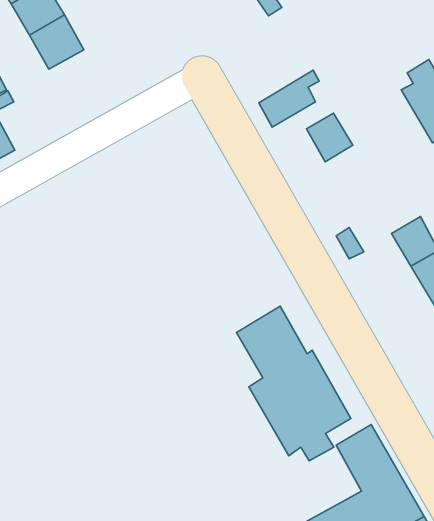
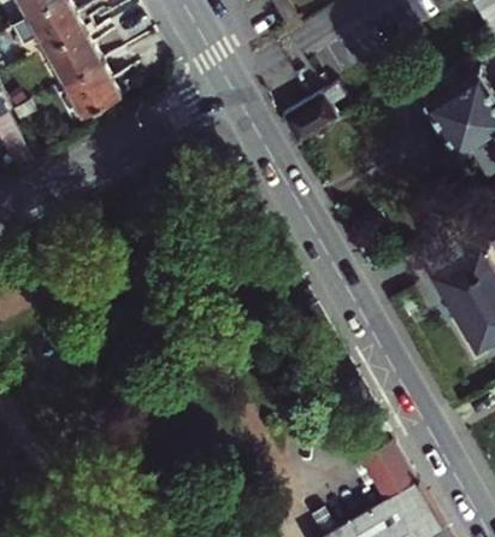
building: none -> [71,66,123,116]
building: [306,113,353,162] -> none
building: [237,306,351,461] -> none

